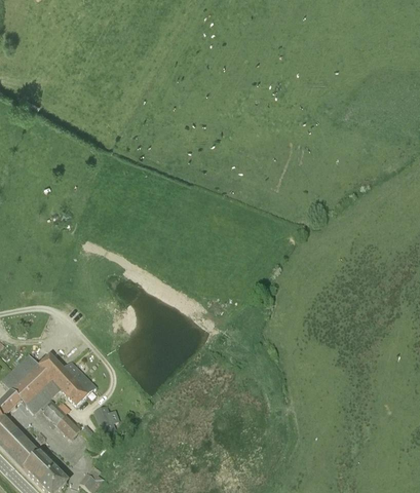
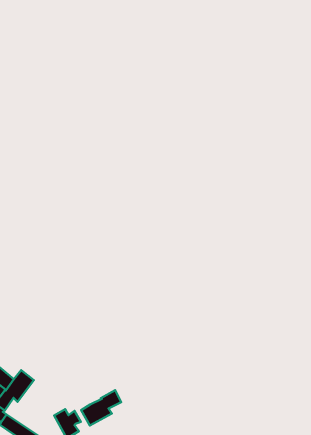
building: [62,375,93,406] -> none
building: none -> [81,390,121,426]

